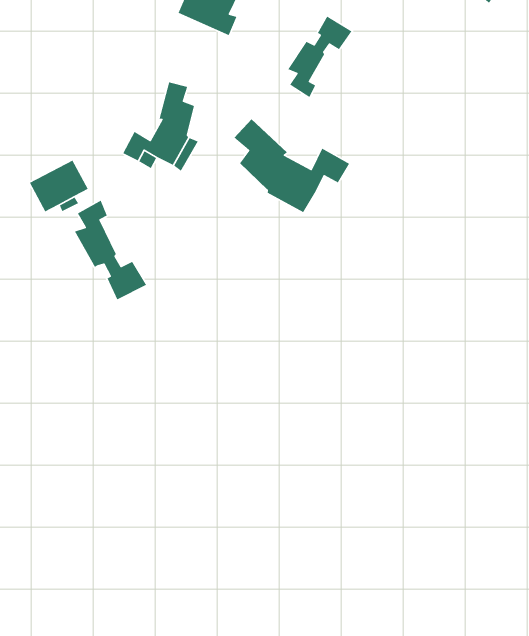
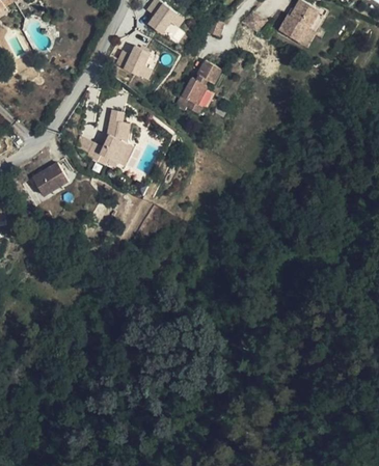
building: [234,119,350,213] -> none
building: [74,200,147,301] -> none

